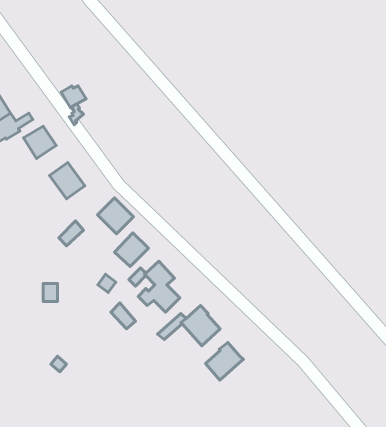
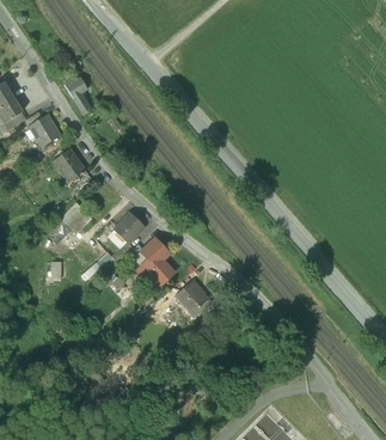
building: [98,198,134,234] -> none
building: [206,342,243,380] -> none

